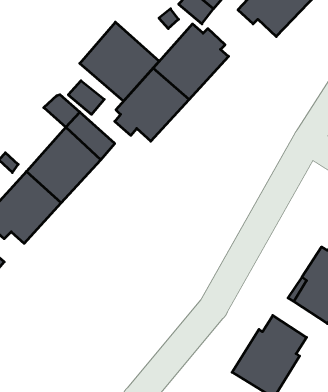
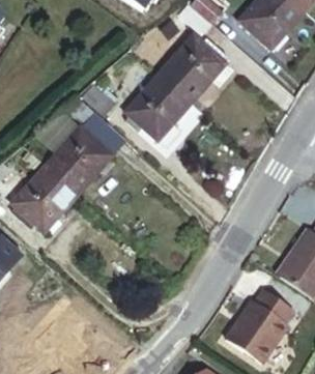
building: [80,22,159,101] -> none

